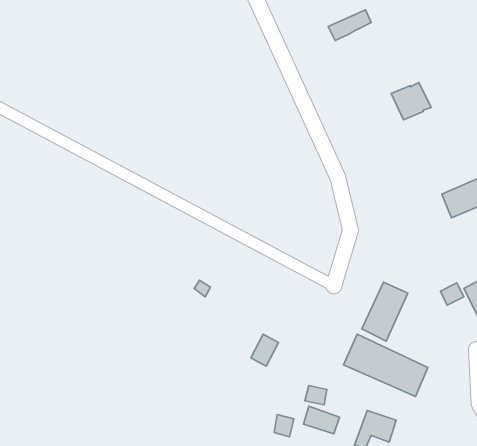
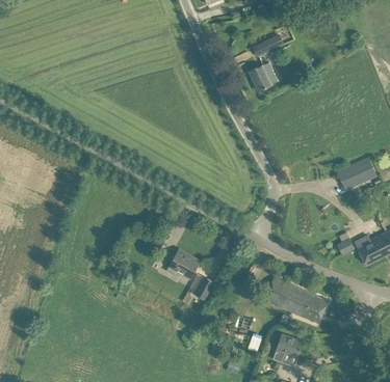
building: [391,83,431,120] -> [249,62,279,90]
building: [362,282,408,341] -> none
building: none -> [166,250,201,277]

